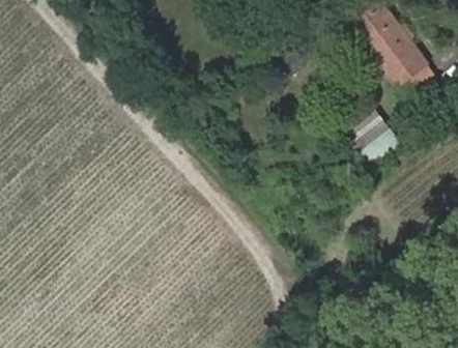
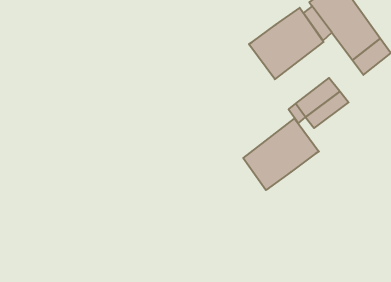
building: none -> [249,8,324,79]
building: none -> [243,119,319,190]

